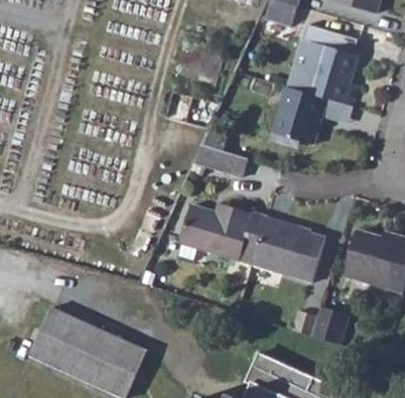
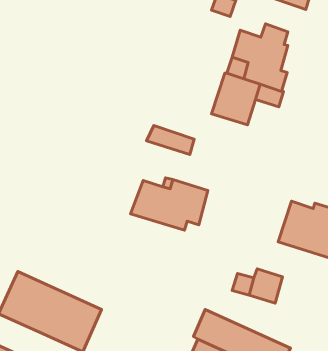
building: [250,217,323,283] -> none

